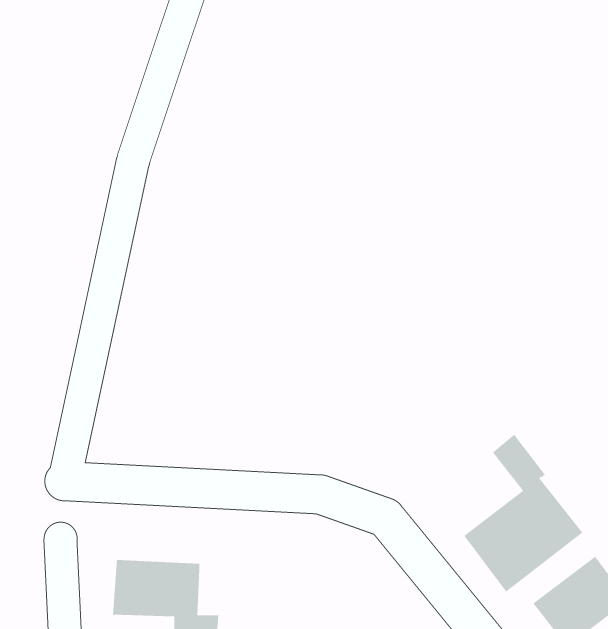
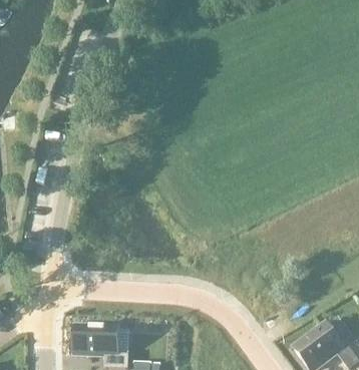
building: [464,434,583,592] -> none

